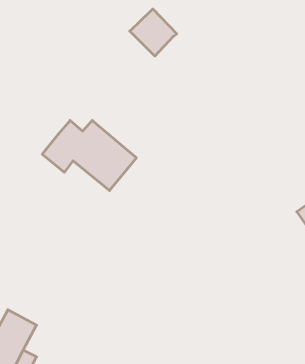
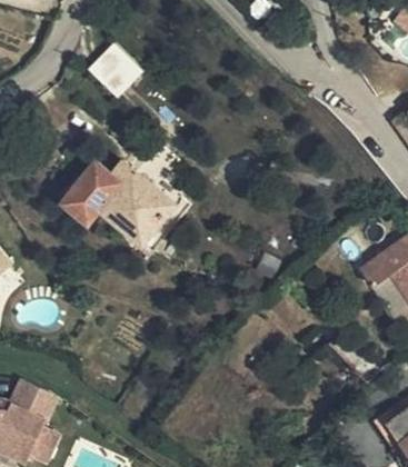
building: [130,9,177,56] -> [86,44,140,99]

